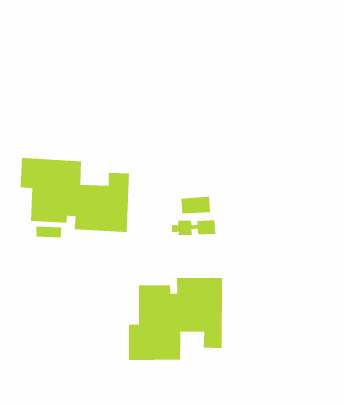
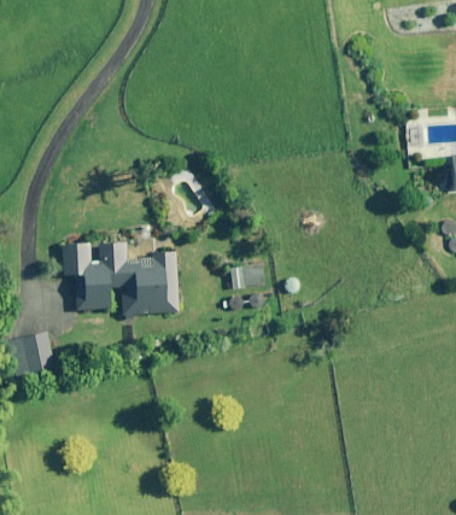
building: [128,277,222,361] -> none

